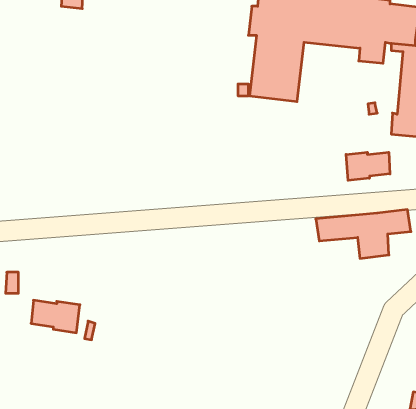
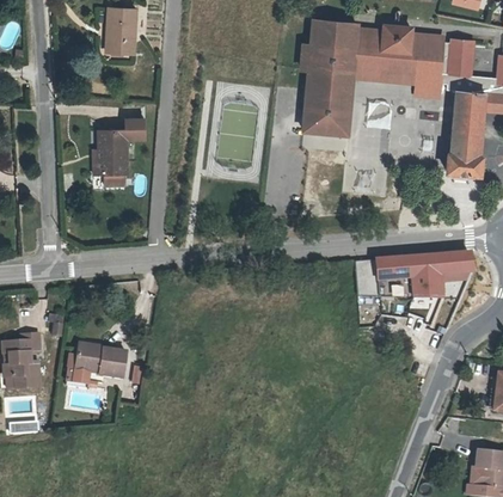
building: none -> [88,118,147,174]
building: [346,152,390,180] -> none

